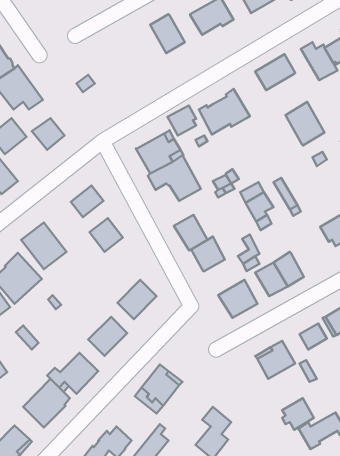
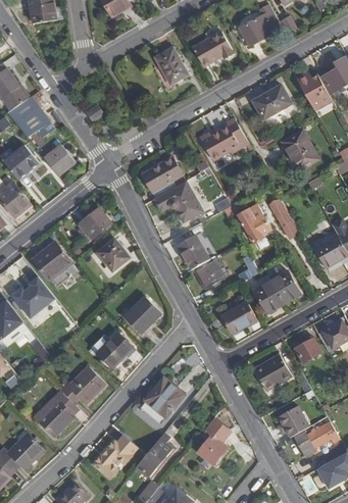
building: [167,106,196,135] -> none

